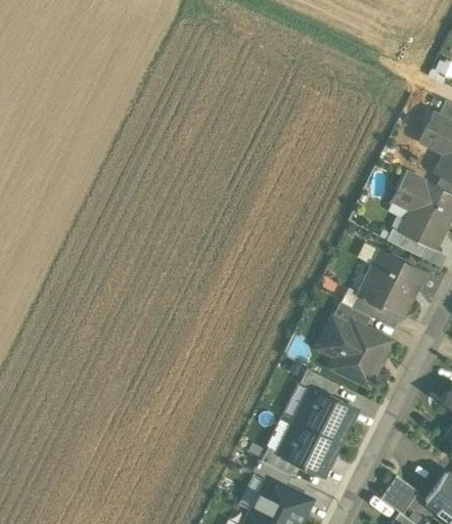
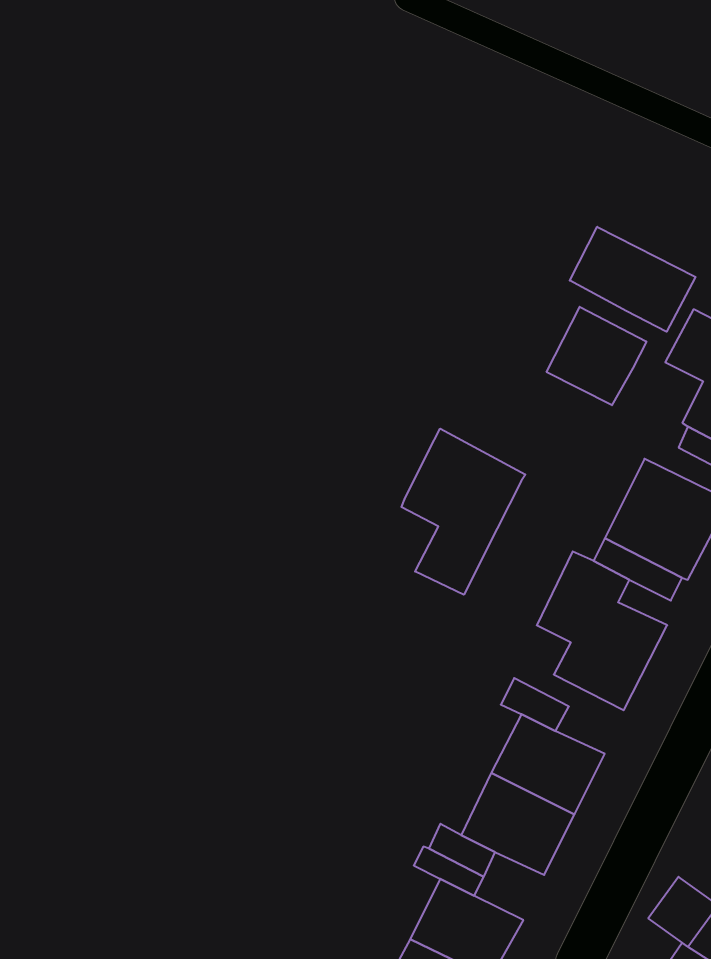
building: none -> [570,227,696,332]
building: none -> [547,307,646,405]
building: none -> [401,429,525,595]

